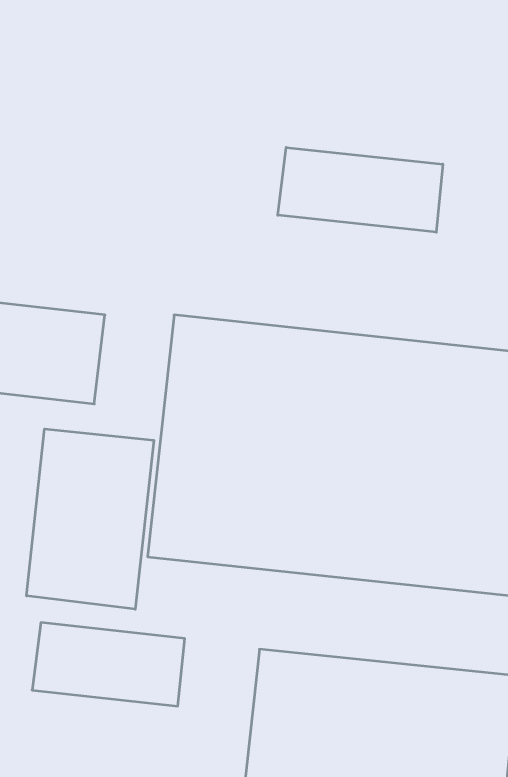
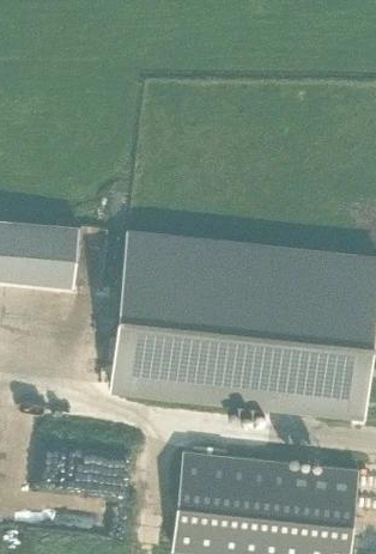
building: [278,147,443,232] -> none
building: [27,429,154,609] -> none

